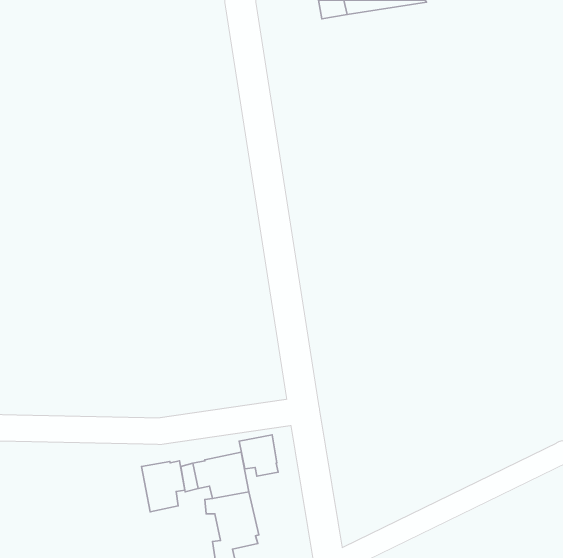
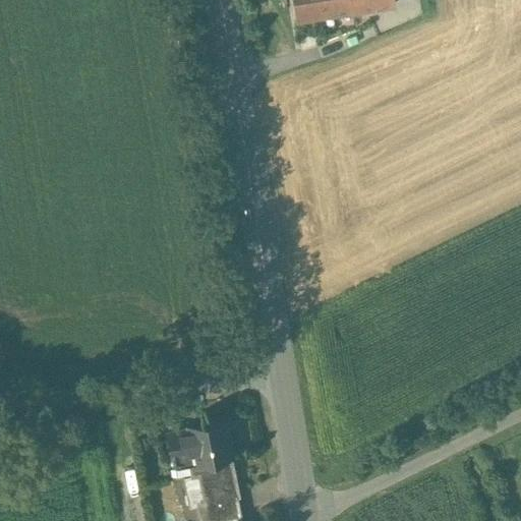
building: [239,435,278,476] -> none
building: [141,461,185,512] -> none

